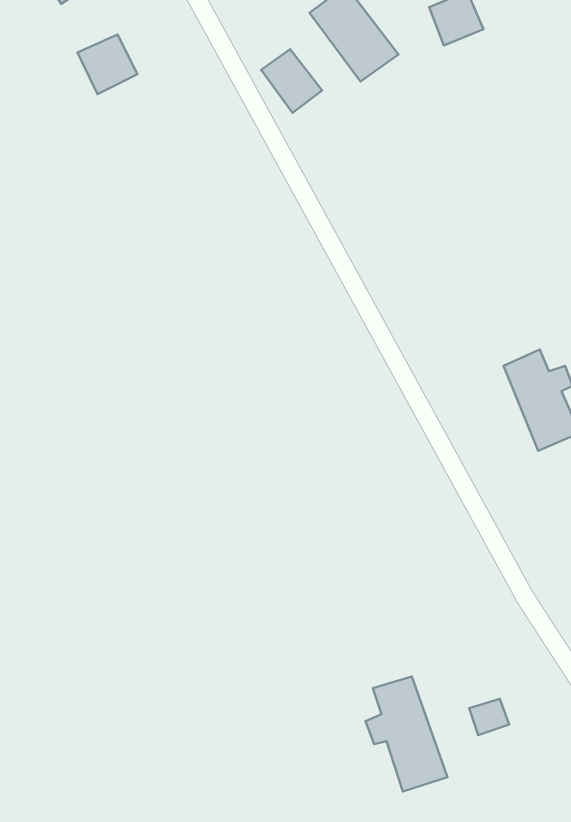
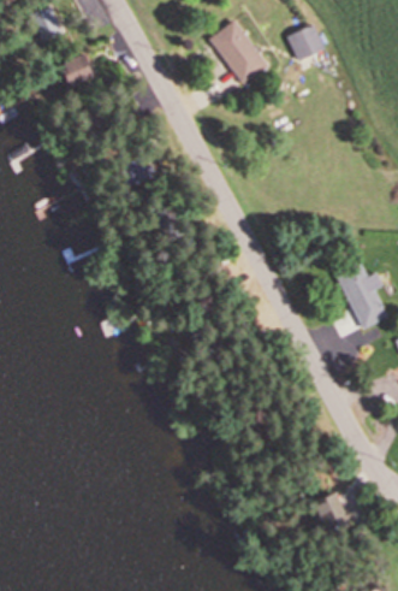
building: [261,49,322,113] -> none
building: [365,676,447,791] -> none

